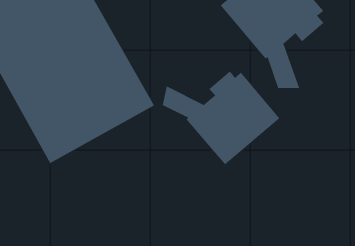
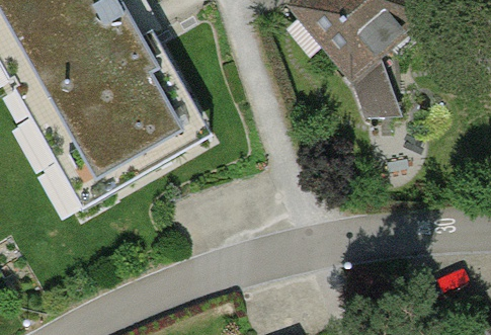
building: [162,71,280,165] -> none

